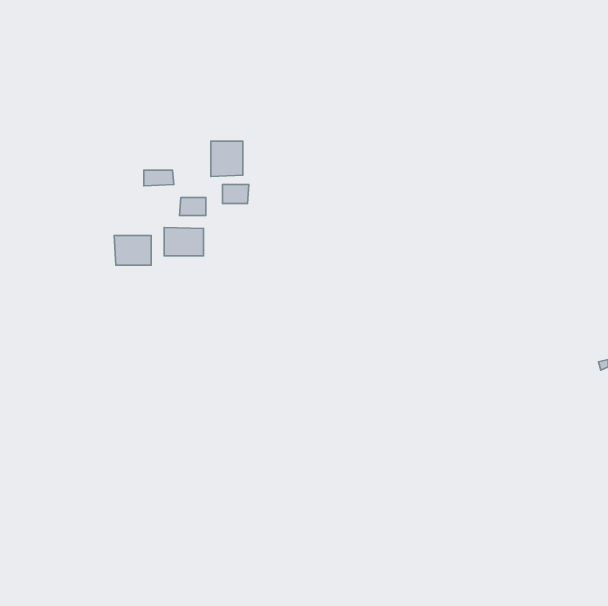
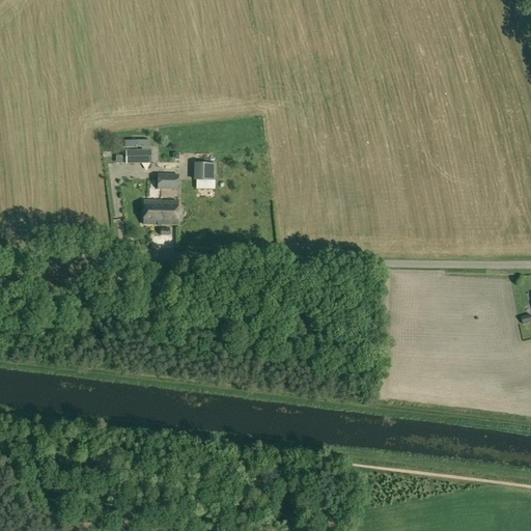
building: [211,141,243,177] -> none
building: [114,236,151,265] -> none

